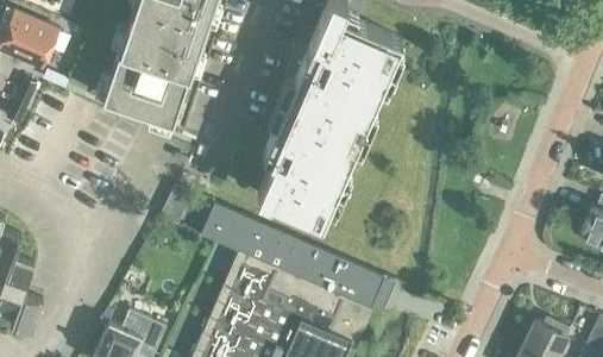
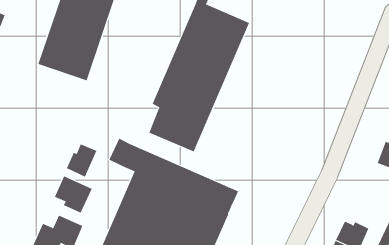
building: none -> [66,143,97,177]
building: none -> [54,175,93,213]

